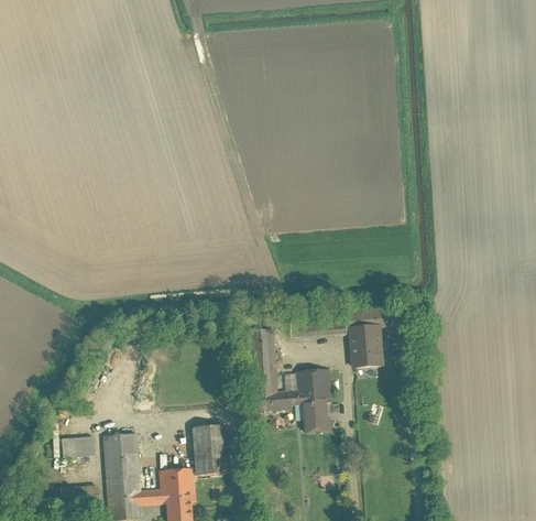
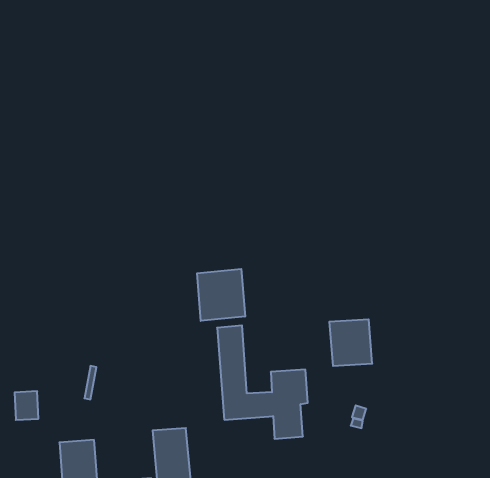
building: none -> [197,269,245,321]
building: [70,435,92,462] -> [15,391,38,420]

